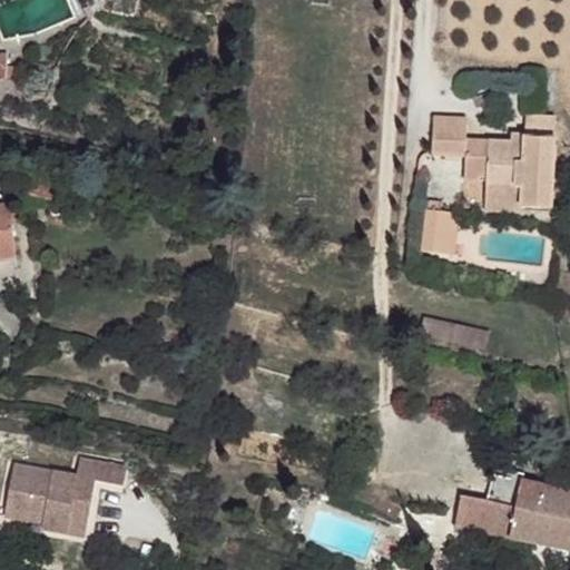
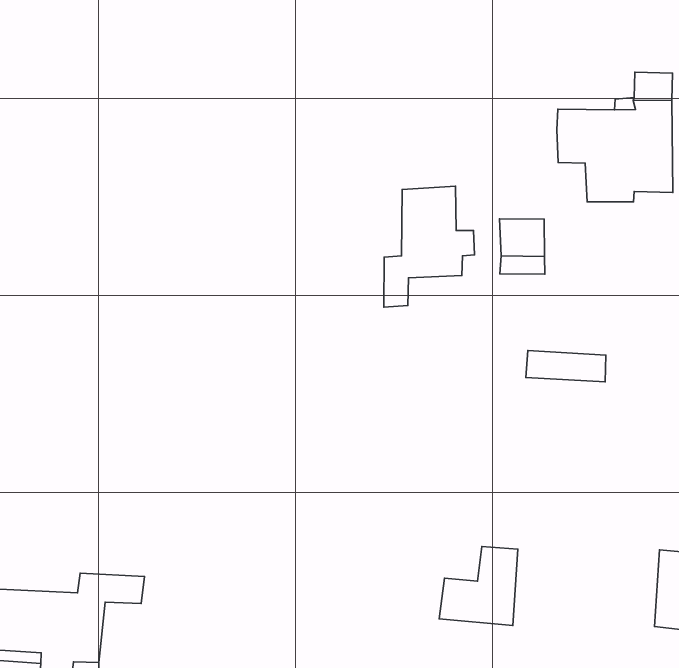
building: [431,117,469,158] -> none
building: none -> [384,186,475,307]
building: [451,474,514,535] -> [439,546,518,626]

